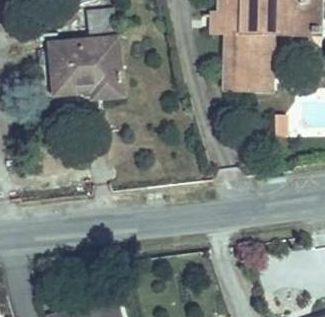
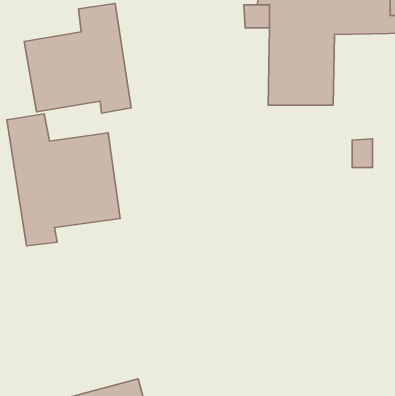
building: none -> [7,114,120,246]

